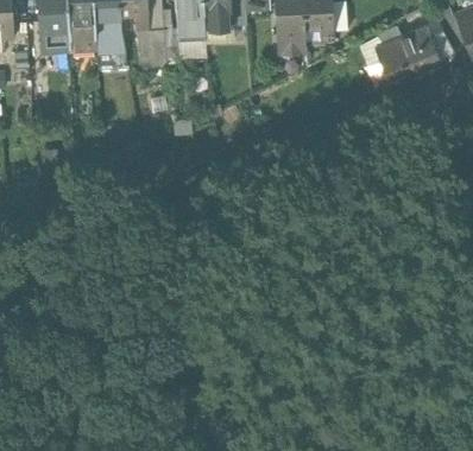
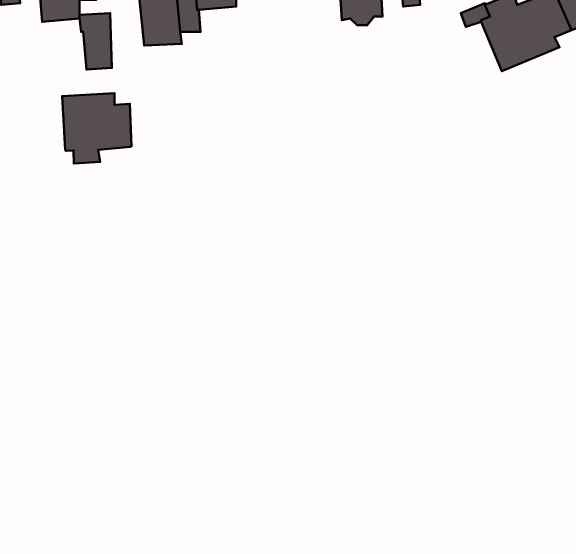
building: none -> [62,93,131,163]

